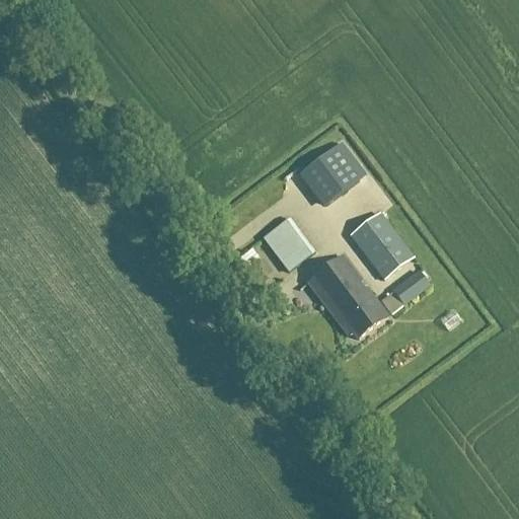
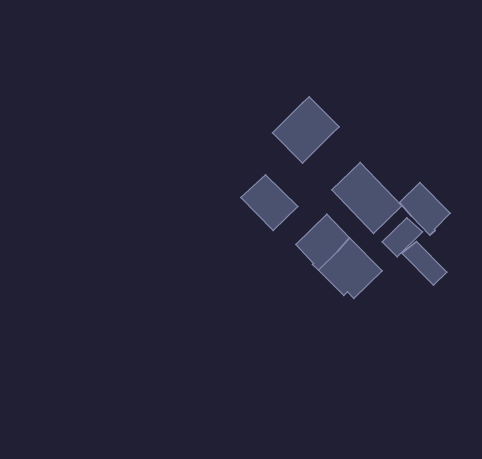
building: none -> [400,182,450,235]
building: none -> [402,242,447,285]

